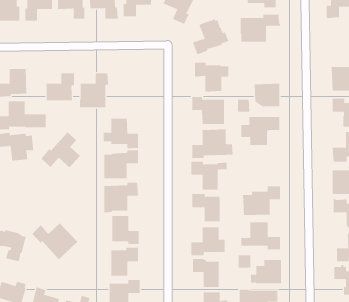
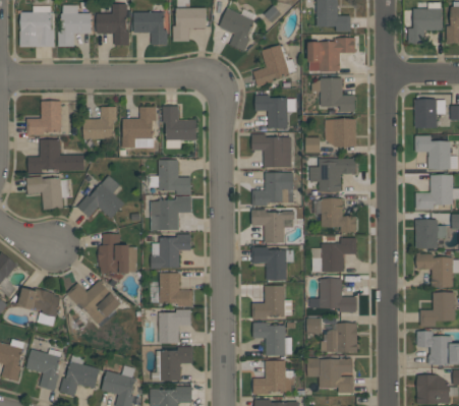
building: none -> [311,78,355,112]
building: none -> [163,106,196,149]
building: none -> [313,198,357,233]
building: none -> [99,234,137,274]

